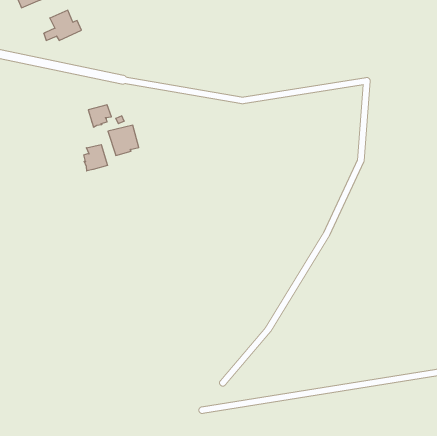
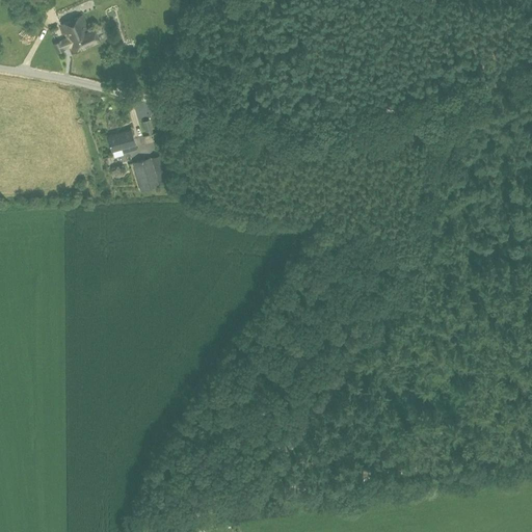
building: [84,145,107,171] -> none

